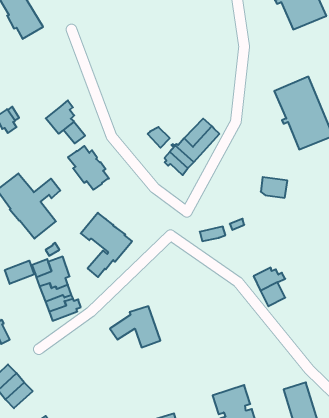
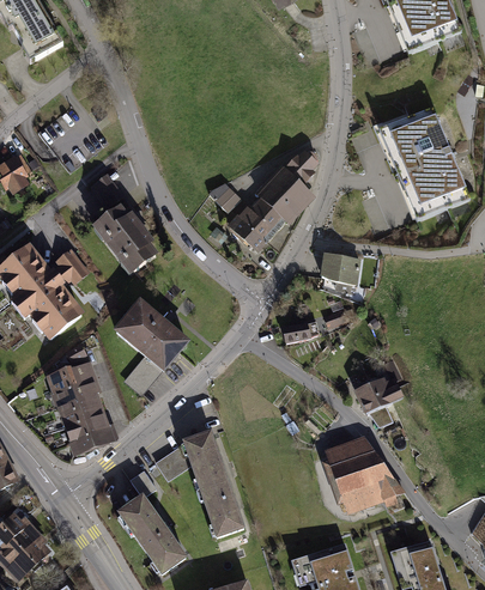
building: [46,100,74,134] -> none
building: none -> [281,150,317,184]
building: [261,177,287,198] -> [321,254,358,282]
building: [5,261,34,284] -> none
building: none -> [328,440,402,509]
building: none -> [119,470,184,572]
building: none -> [200,480,243,536]

